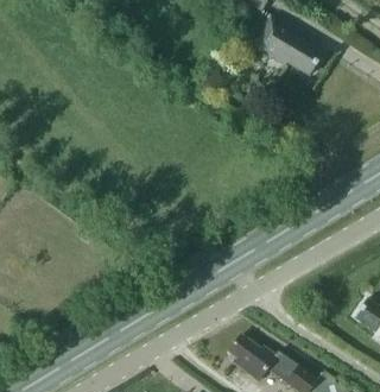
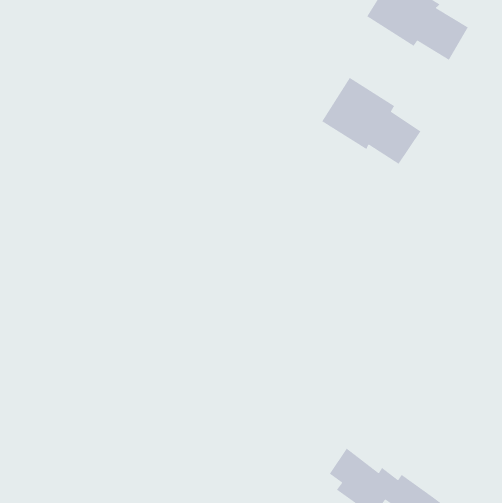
building: none -> [321,77,422,165]

